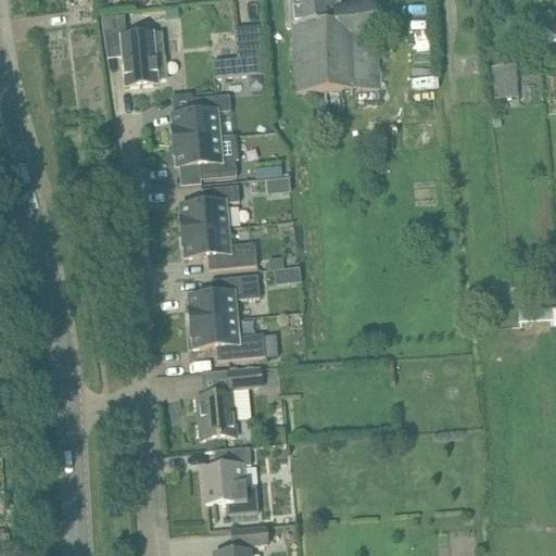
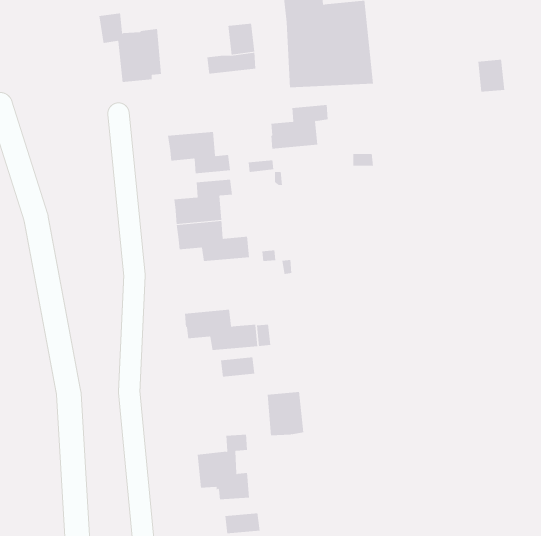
building: [170,93,230,139] -> [270,105,329,149]
building: [187,274,260,321] -> none
building: [197,392,235,438] -> [267,391,304,436]

